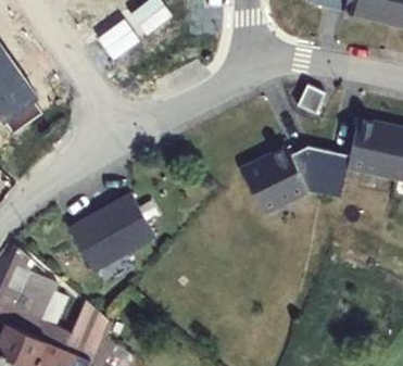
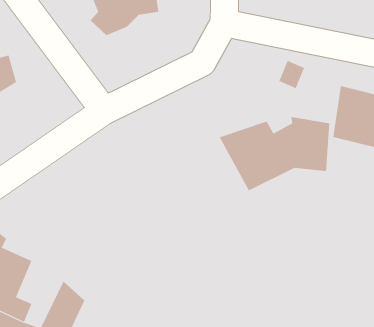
building: [68,193,155,272] -> none

